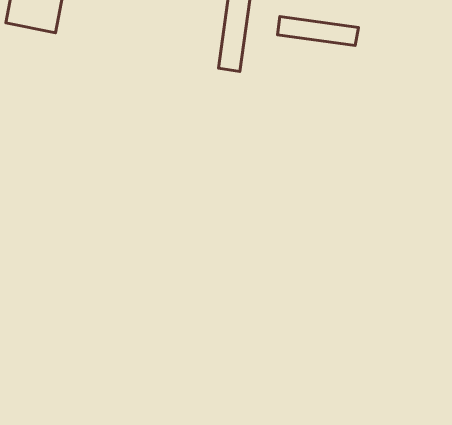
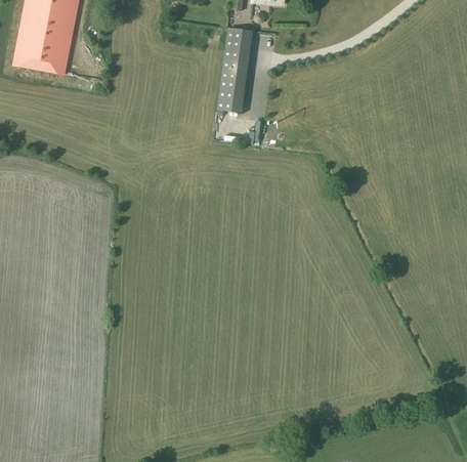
building: [277,17,358,45] -> none

